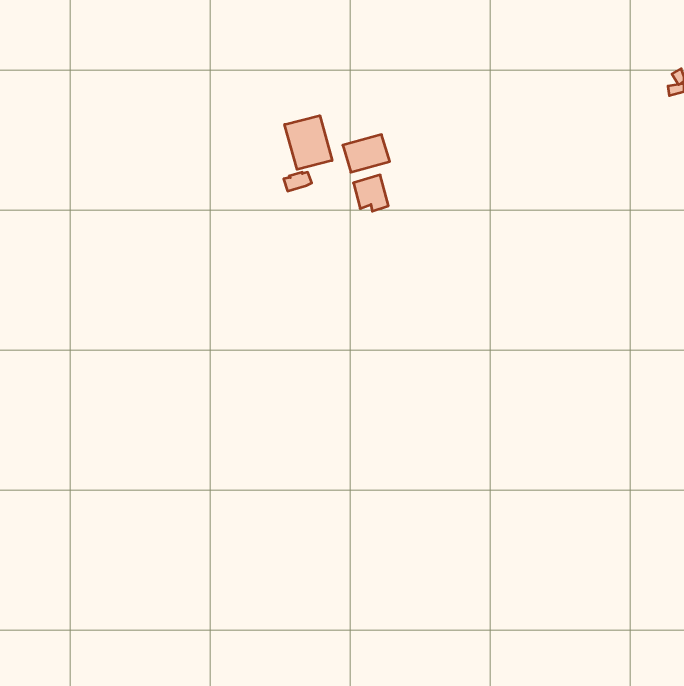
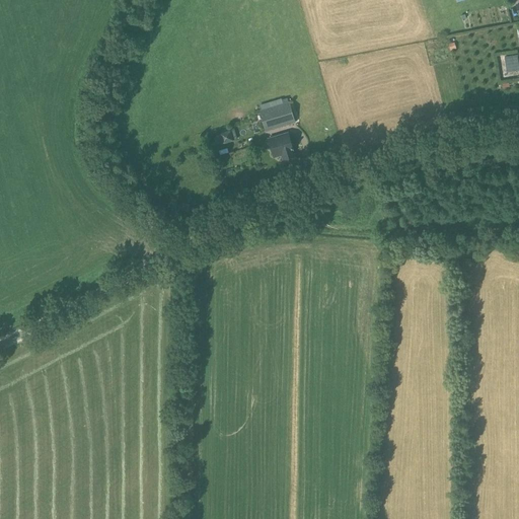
building: [285,116,332,169] -> none

